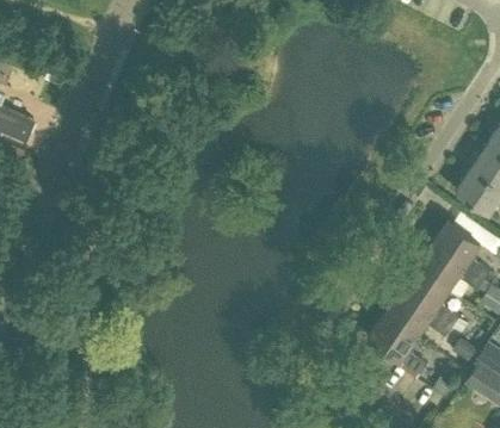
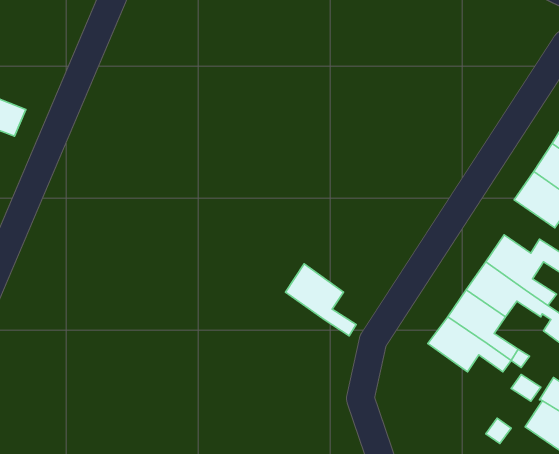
building: [366,316,426,377] -> [286,264,356,336]

